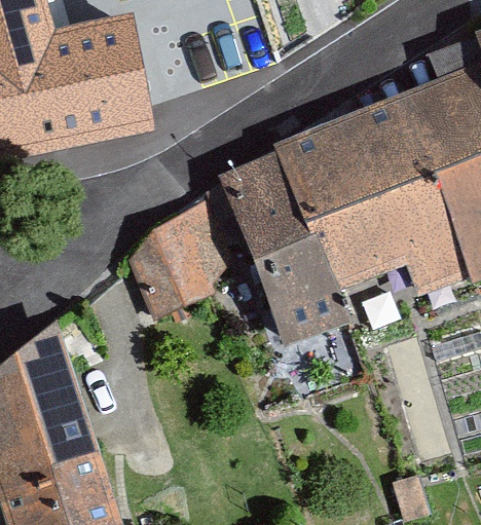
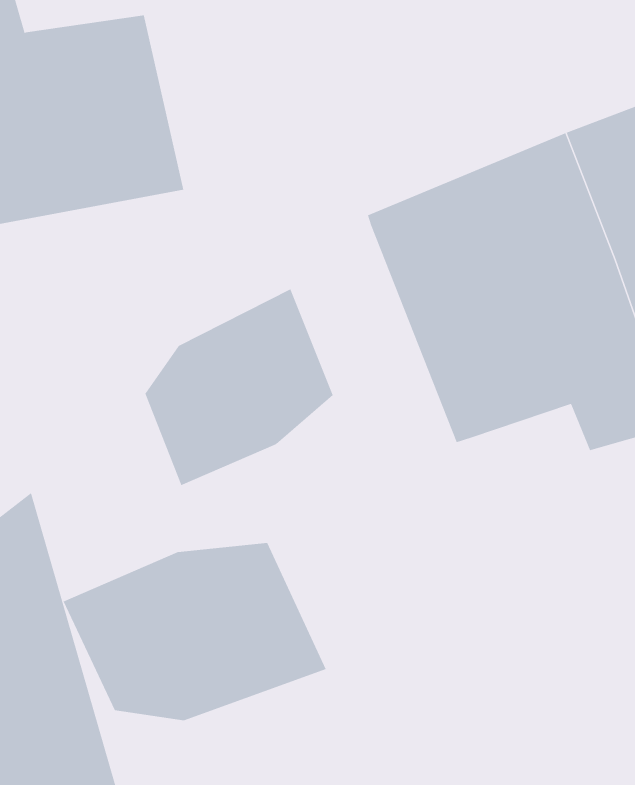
building: [219,151,344,344] -> none
building: none -> [63,542,327,721]

